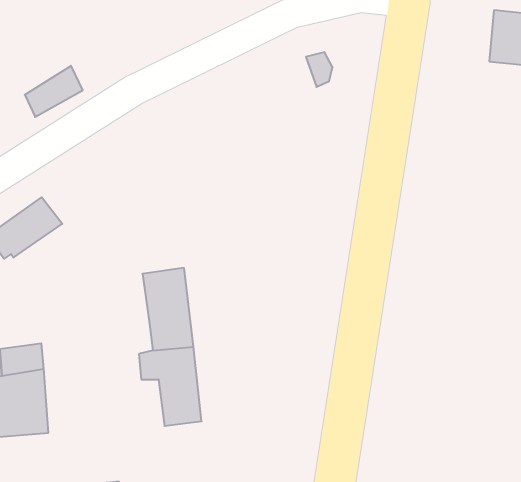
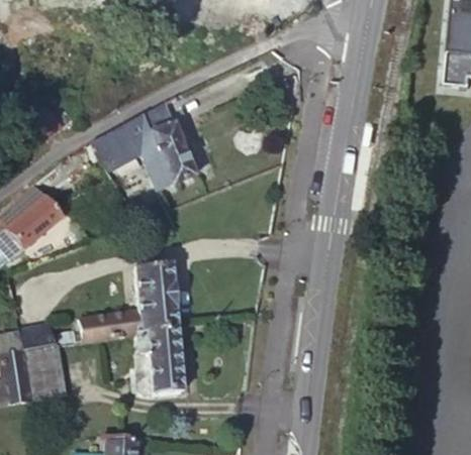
building: [25,66,83,117] -> [97,120,148,164]
building: none -> [147,123,200,191]
building: none -> [80,304,146,340]

